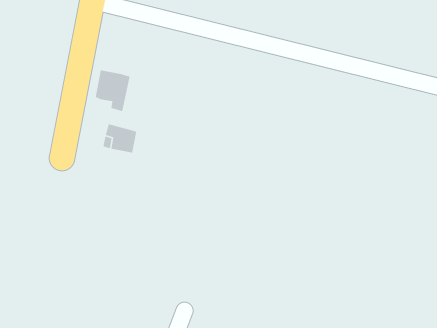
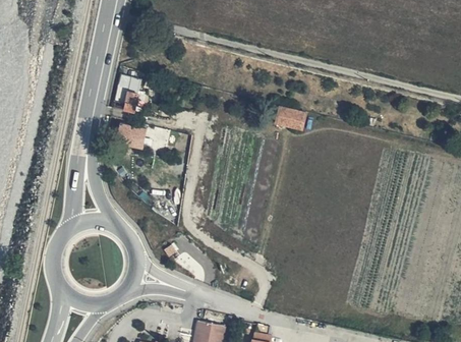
building: none -> [278,110,304,132]

